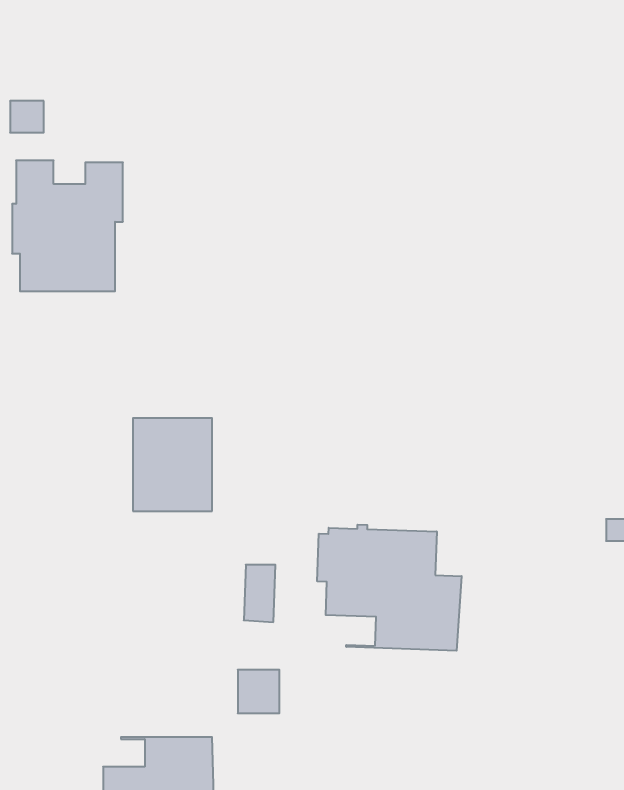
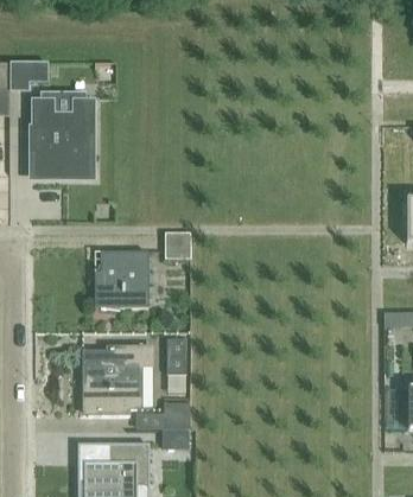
building: none -> [164,231,191,257]
building: [317,525,462,651] -> none
building: none -> [82,344,148,415]

